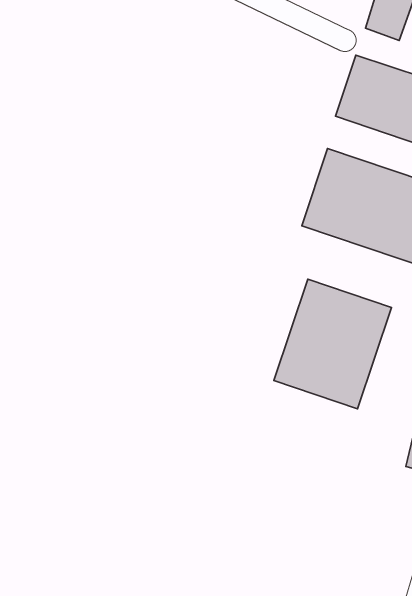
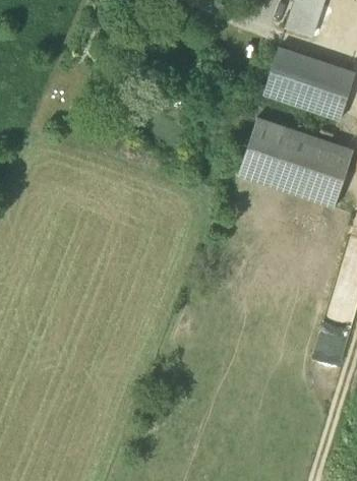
building: [274,279,392,409] -> none

